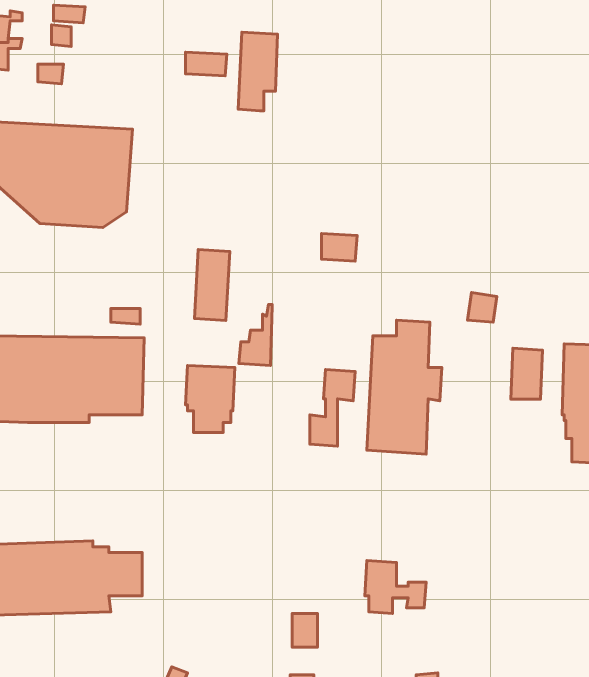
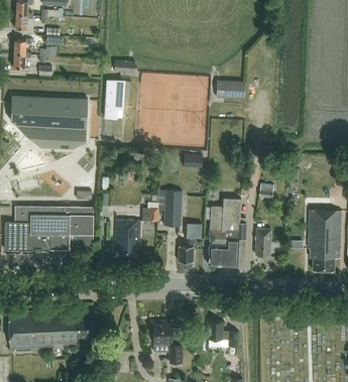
building: [238,32,277,111] -> [105,80,125,120]
building: none -> [216,82,245,99]
building: [194,250,230,321] -> [163,190,182,227]
building: [511,348,542,399] -> [255,229,271,255]
building: none -> [150,321,180,346]

